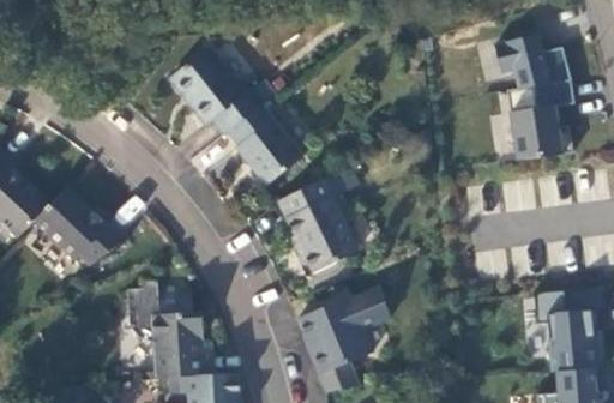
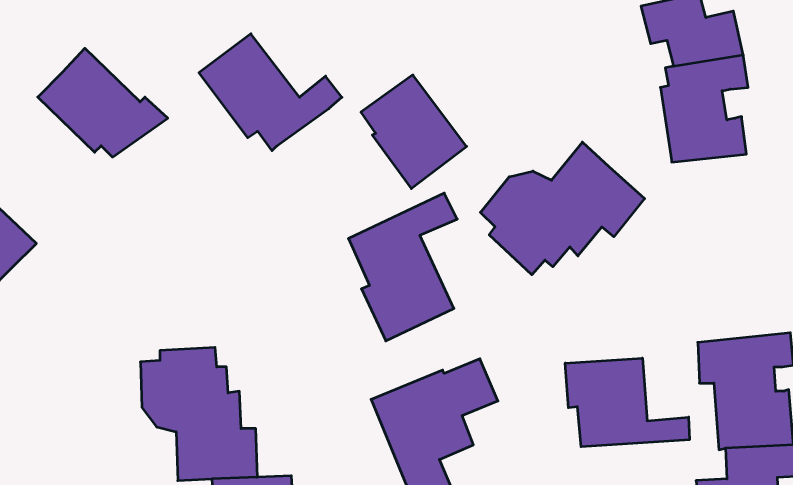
building: [225,106,303,190] -> [361,75,467,189]
building: none -> [480,142,645,275]
building: [30,187,126,267] -> [38,48,168,157]
building: none -> [565,358,689,447]

